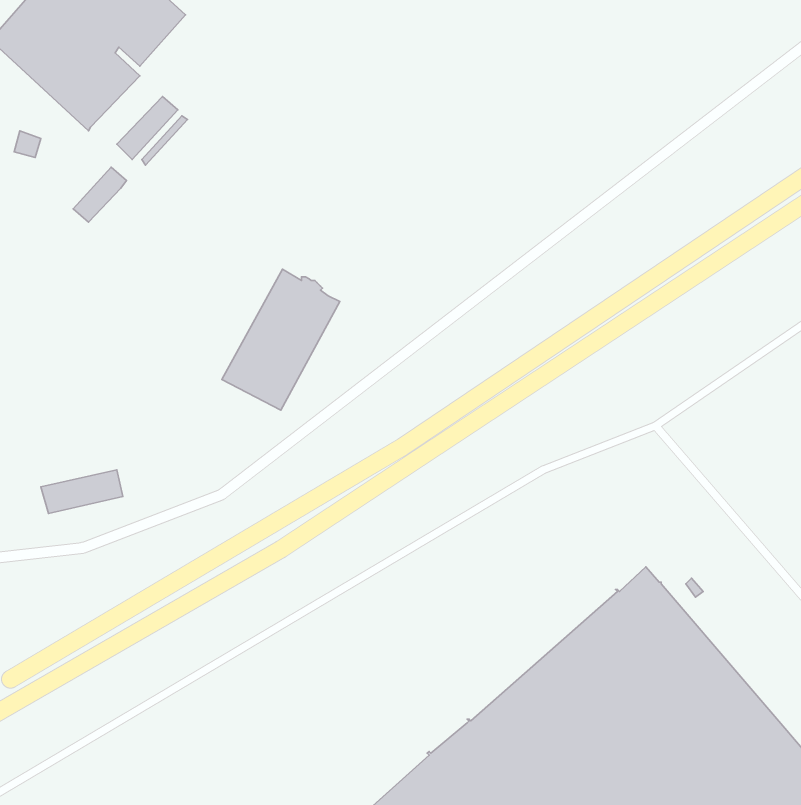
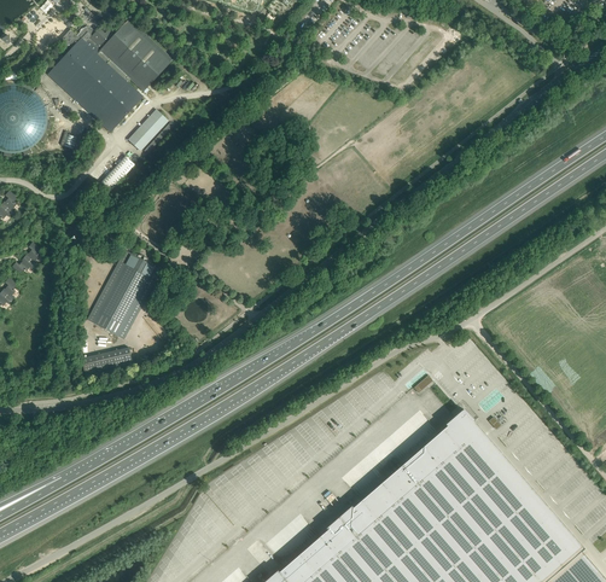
building: [222,269,340,410] -> [85,251,159,341]

